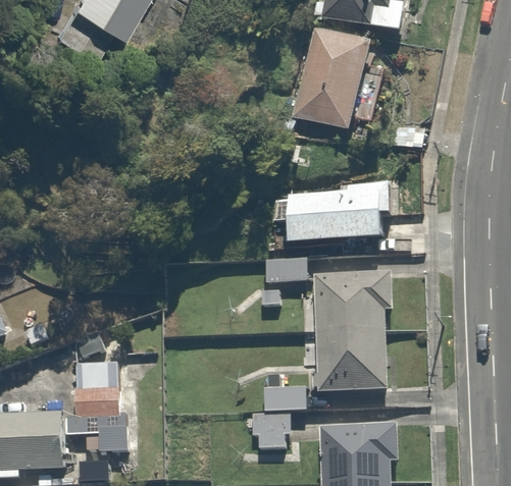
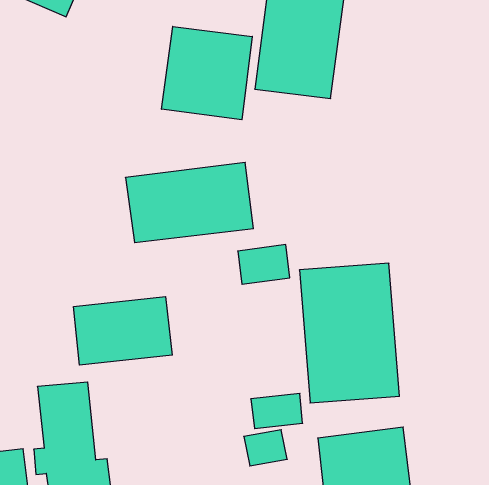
building: none -> [162,26,252,120]
building: [284,183,393,246] -> [125,162,253,243]
building: none -> [74,297,172,365]

